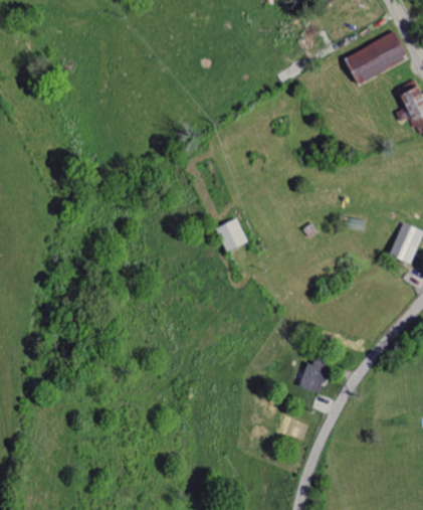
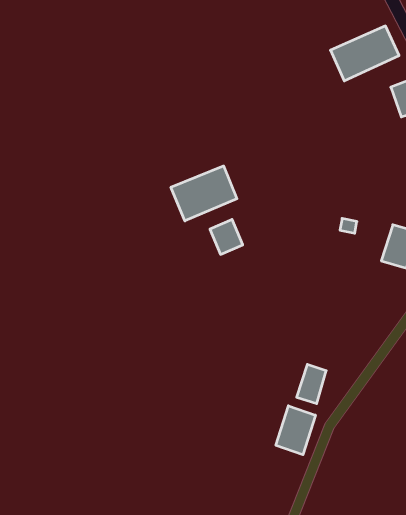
building: none -> [171,166,237,221]
building: none -> [276,406,315,455]

